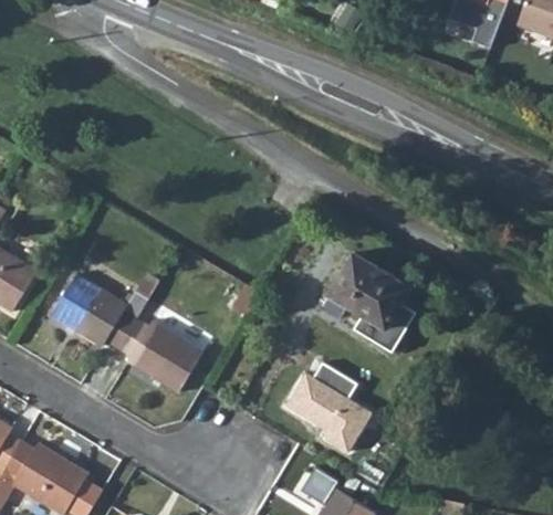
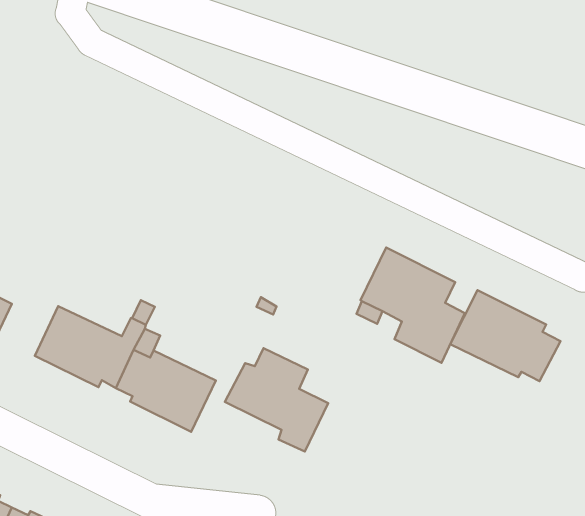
building: none -> [450,290,561,381]
building: [285,362,372,452] -> [225,348,328,452]

